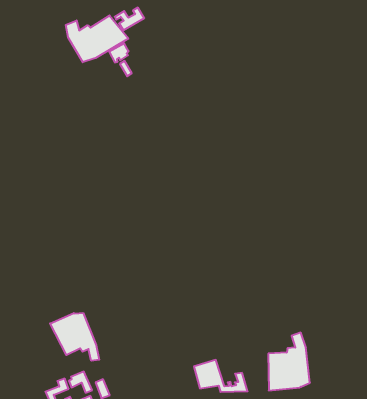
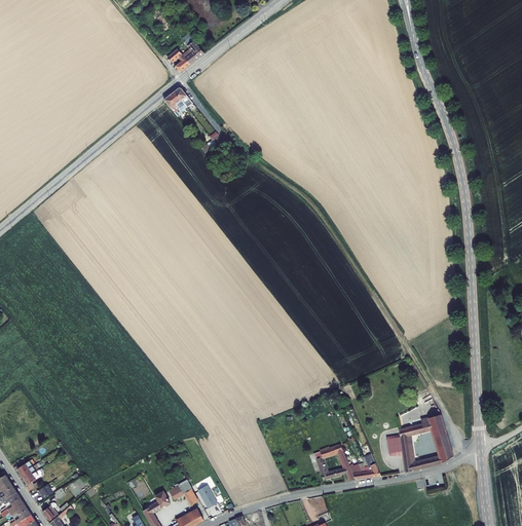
building: [66,15,128,62] -> none
building: [50,313,99,361] -> none

